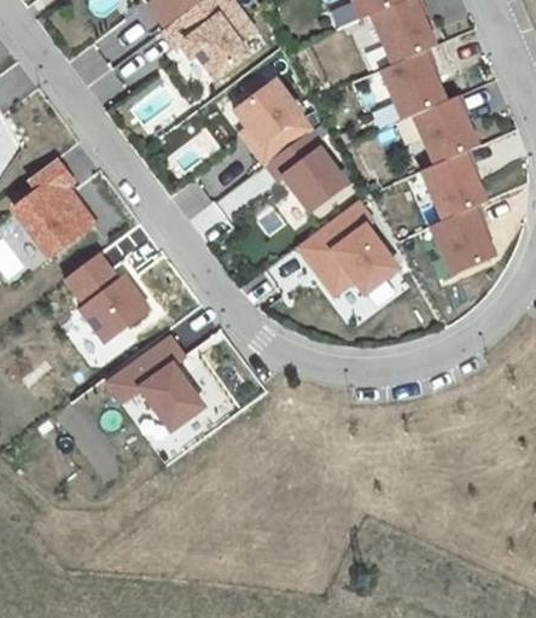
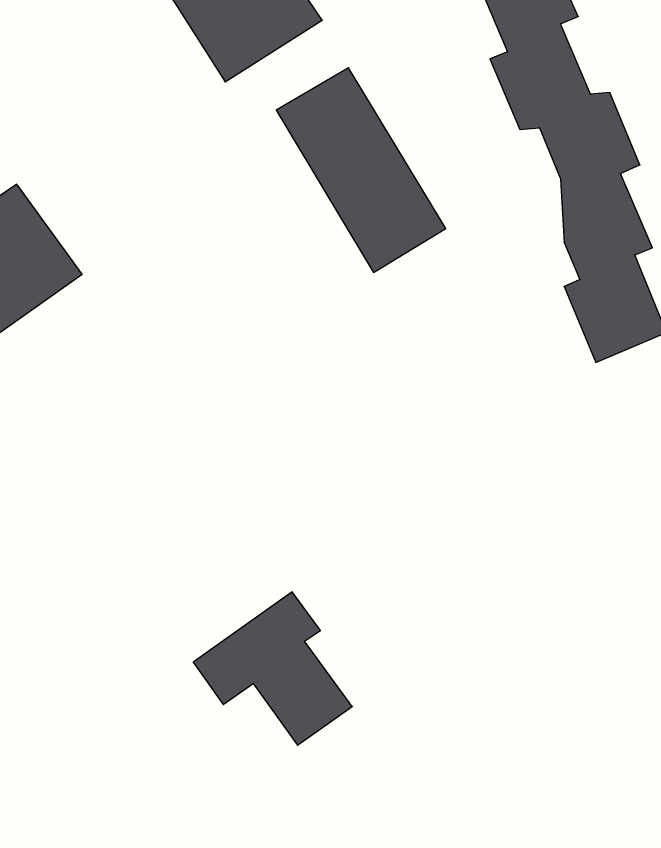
building: [292,199,404,299] -> none
building: [59,247,151,344] -> none
building: [100,328,209,433] -> [193,592,352,745]

